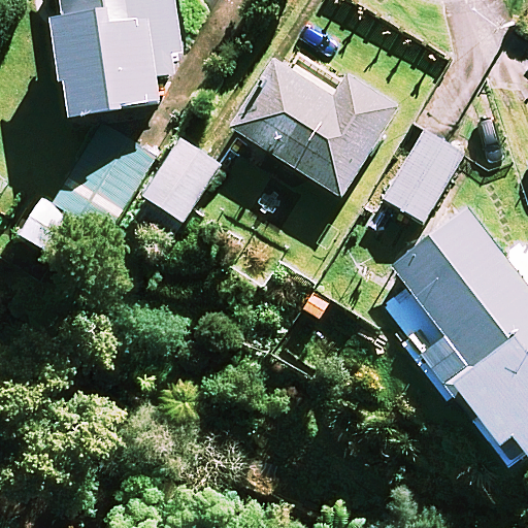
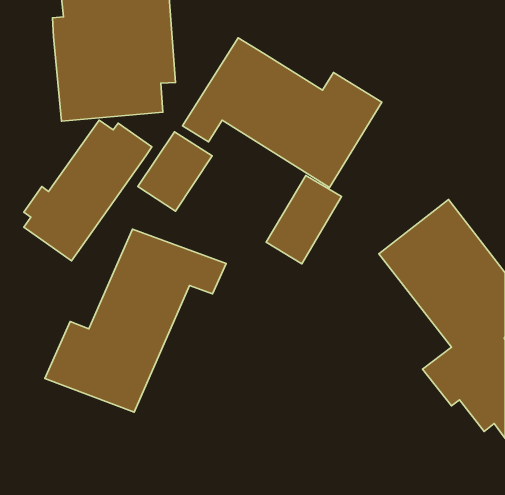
building: [386,128,464,220] -> [266,176,342,264]
building: none -> [45,229,226,412]

